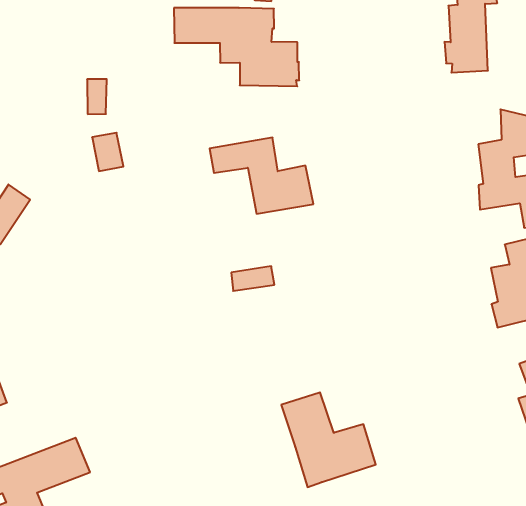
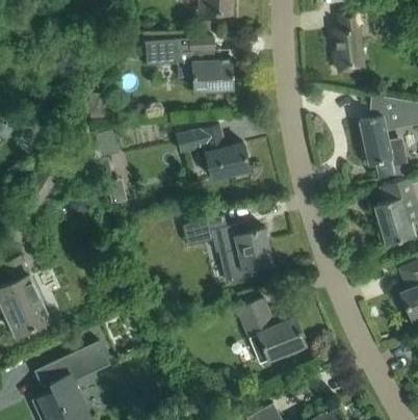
building: none -> [213,227,273,281]

